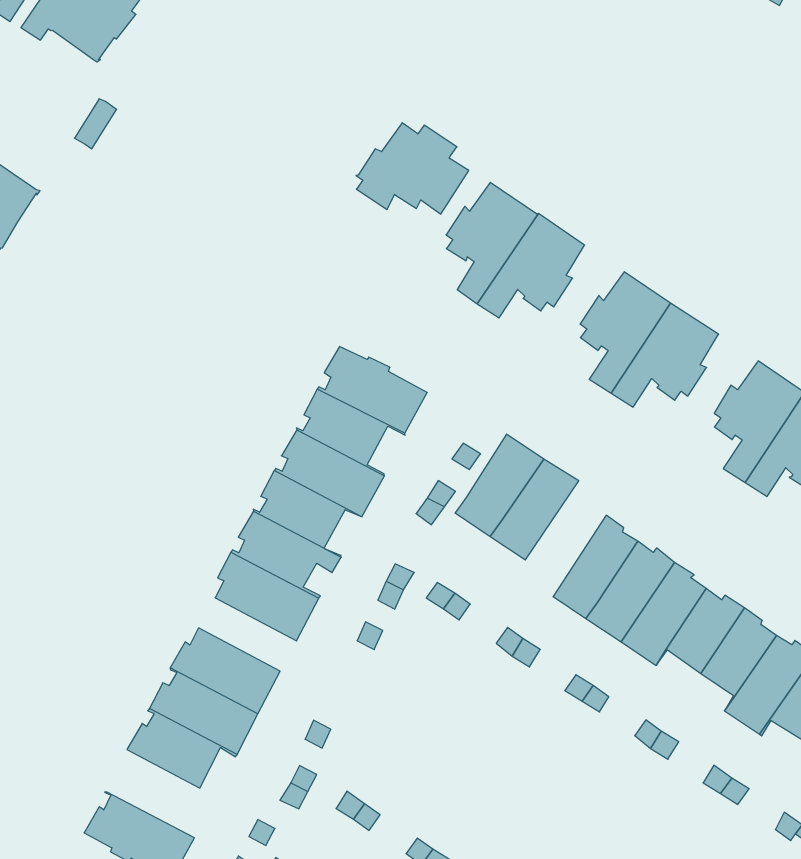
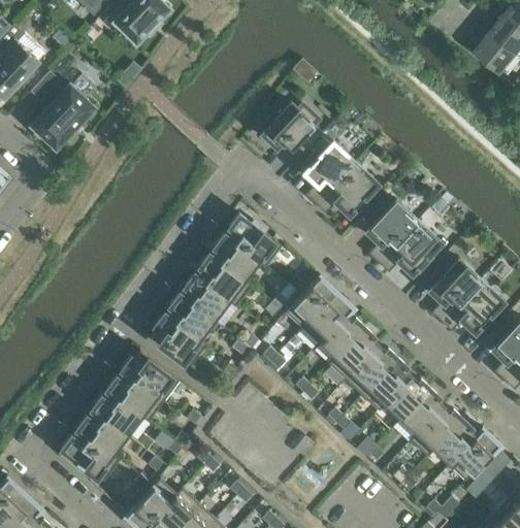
building: none -> [318,306,364,365]
building: none -> [76,408,126,461]

